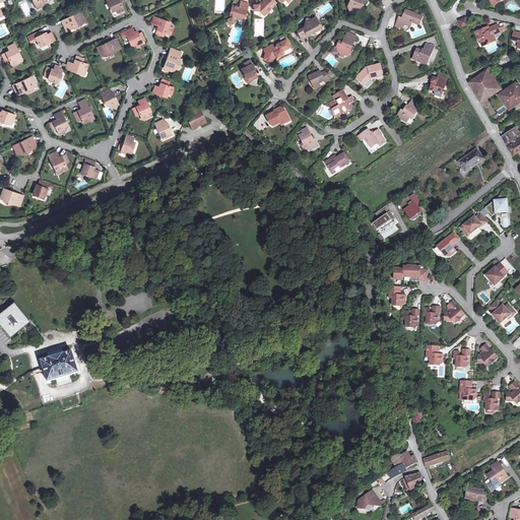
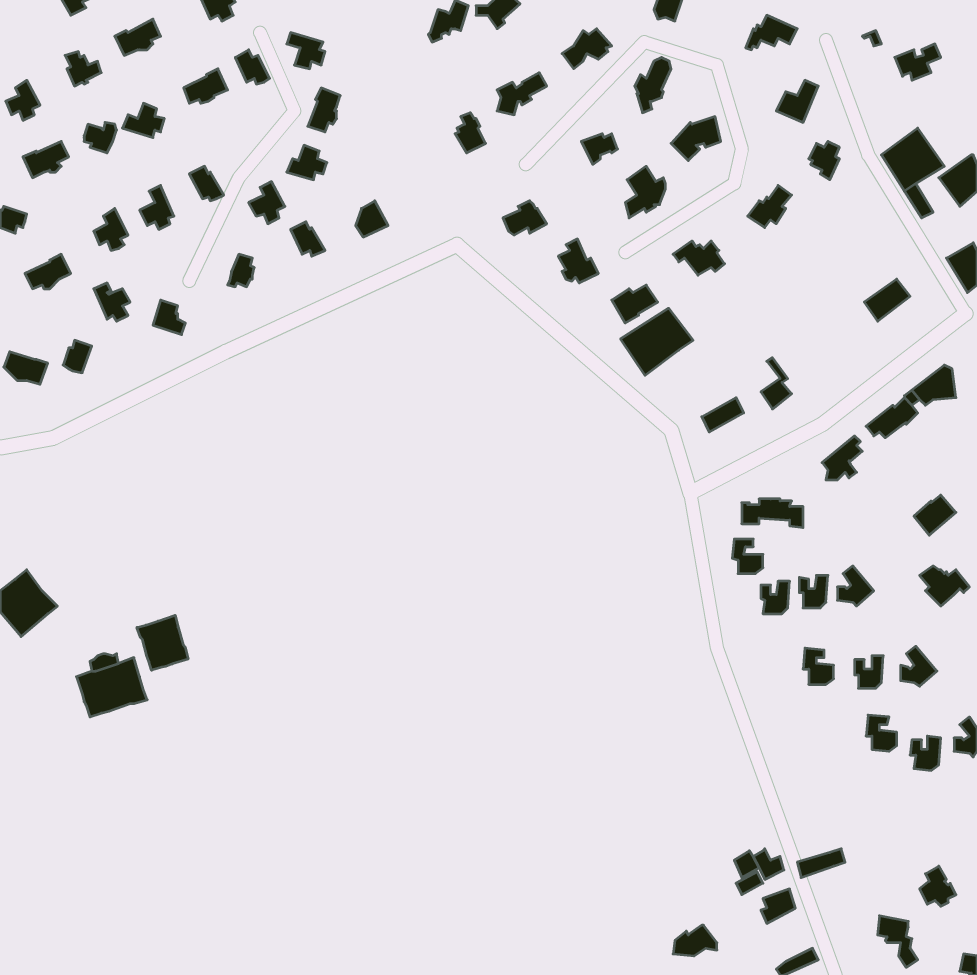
building: none -> [621,308,693,375]
building: none -> [137,615,188,670]

